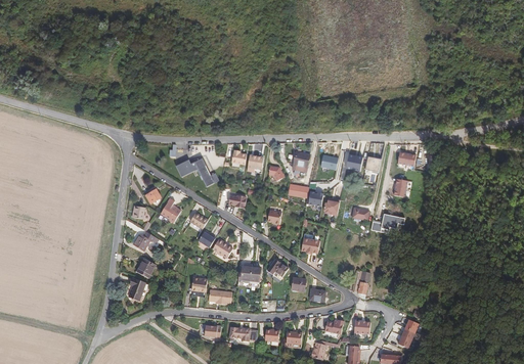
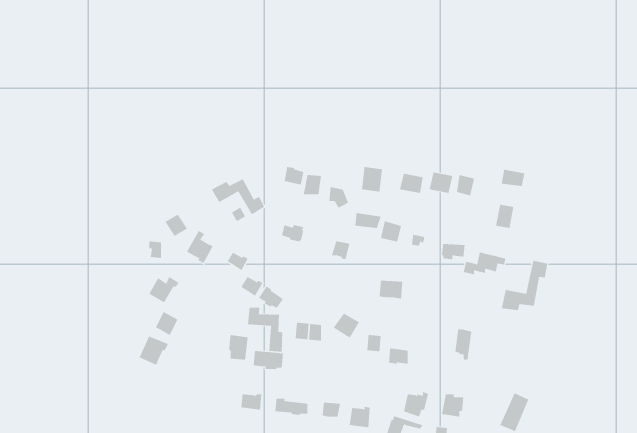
building: none -> [501,260,548,311]
building: none -> [248,307,283,353]

